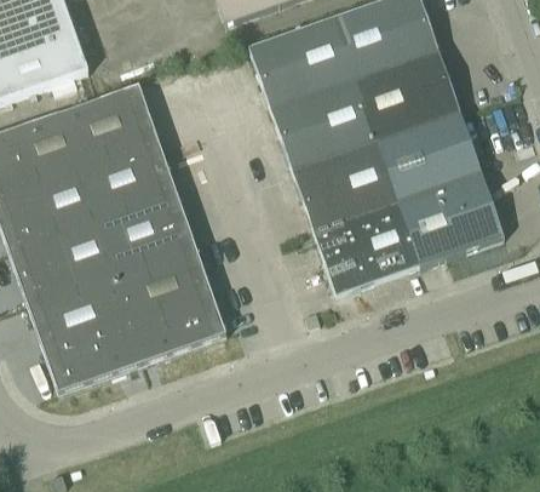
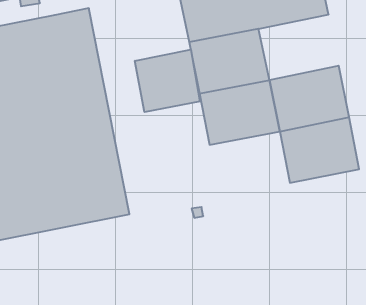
building: [354,48,460,141] -> none
building: none -> [135,49,200,112]
building: [314,202,420,294] -> none

